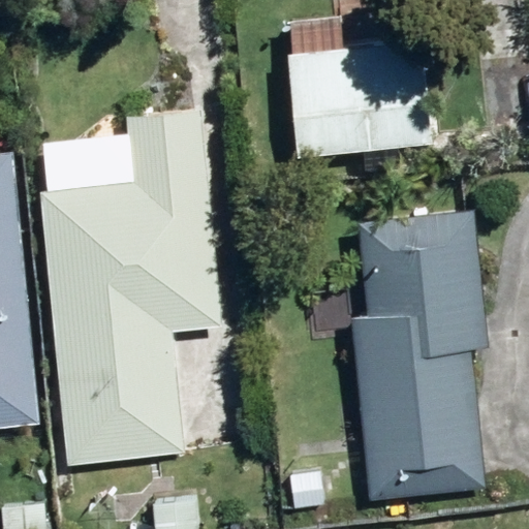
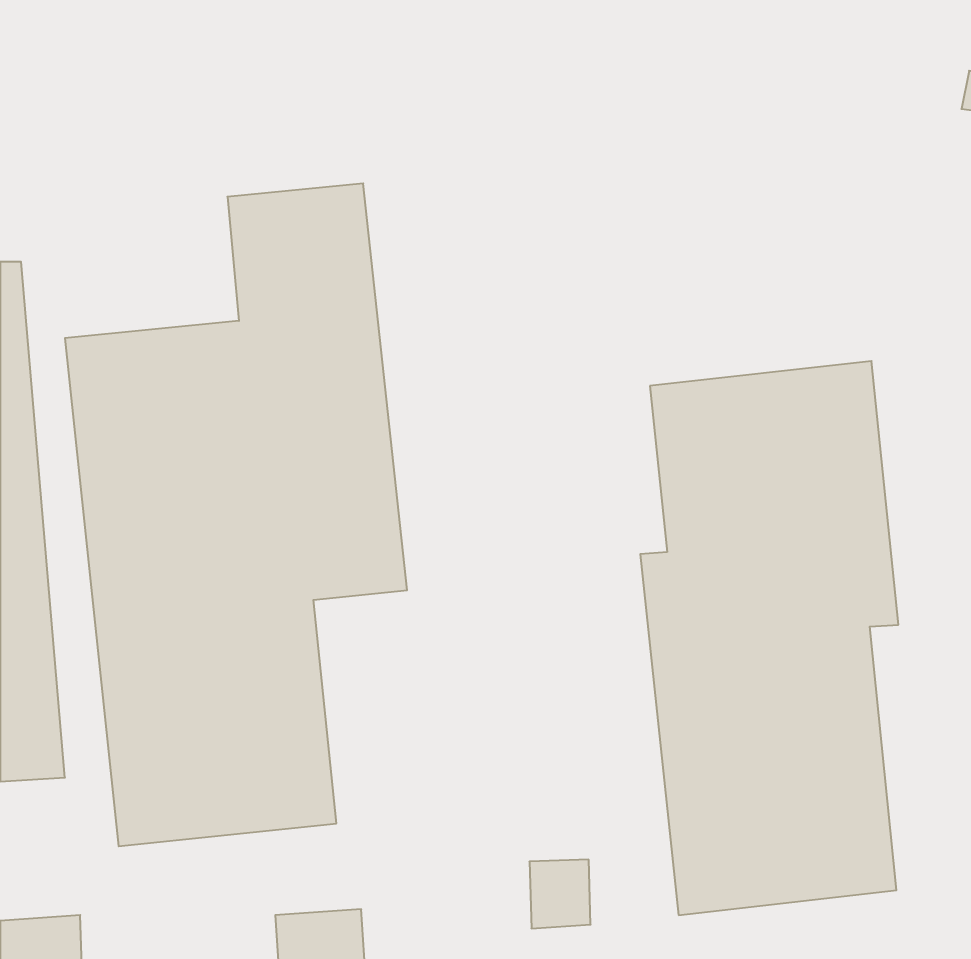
building: [285,18,431,154] -> none

